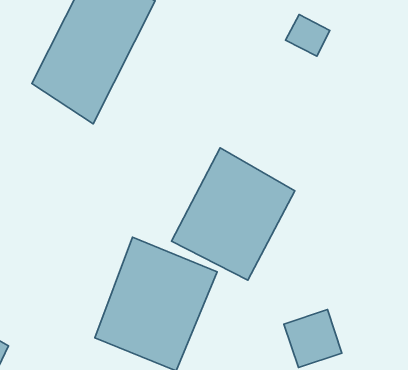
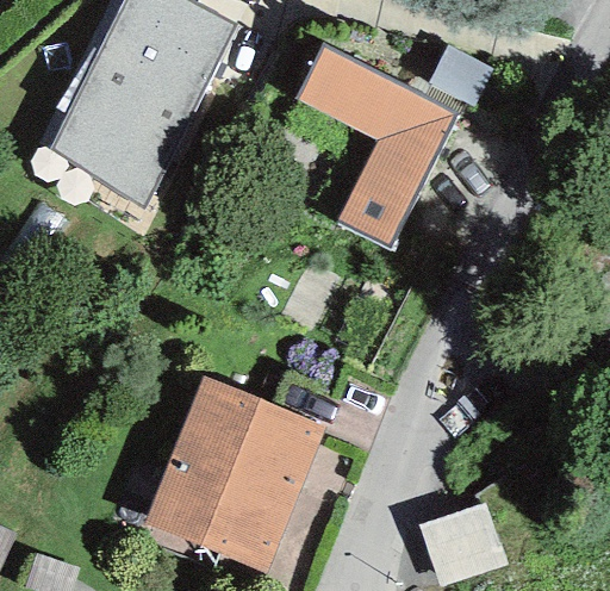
building: none -> [298,44,458,248]
building: [171,148,295,280] -> none

